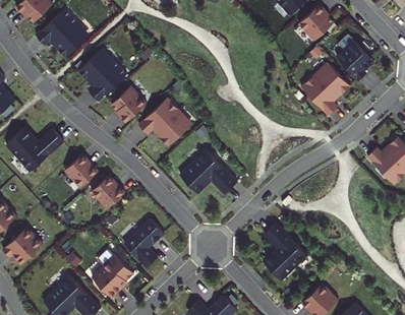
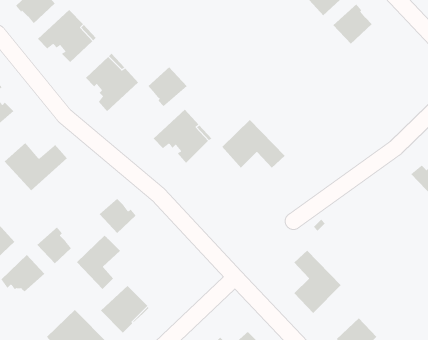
building: [337,40,370,79] -> none
building: [302,65,350,115] -> none
building: [111,86,147,122] -> [148,67,188,107]
building: [180,149,237,193] -> [221,119,285,169]
building: [64,153,96,187] -> [36,226,72,264]
building: [124,218,164,267] -> [76,235,121,290]

